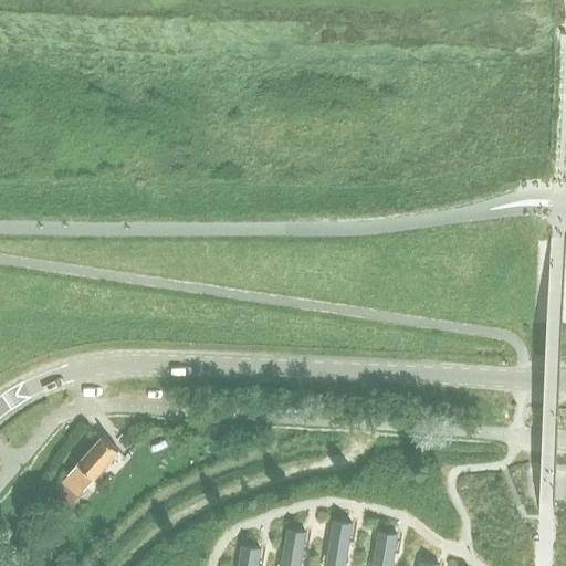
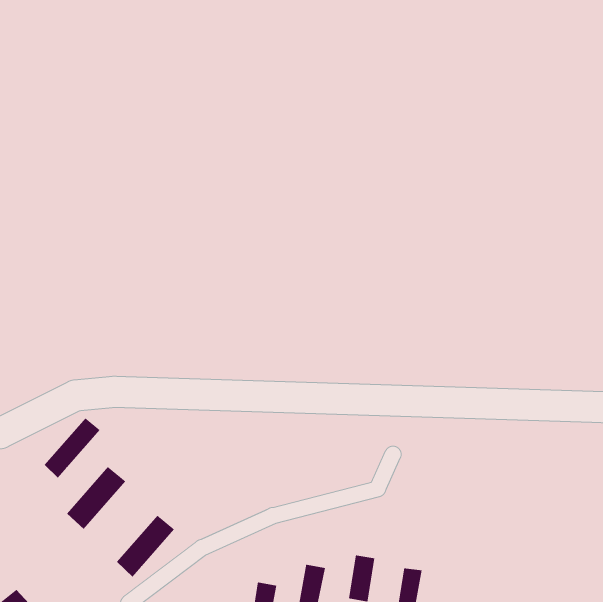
building: none -> [44,418,101,479]
building: none -> [116,515,175,577]

